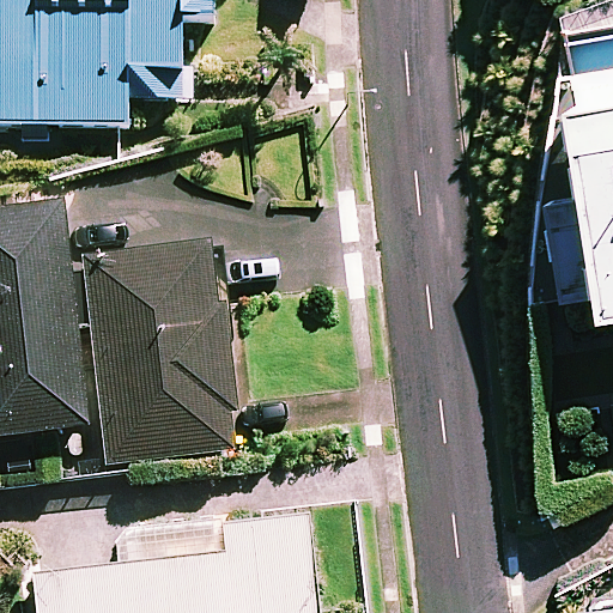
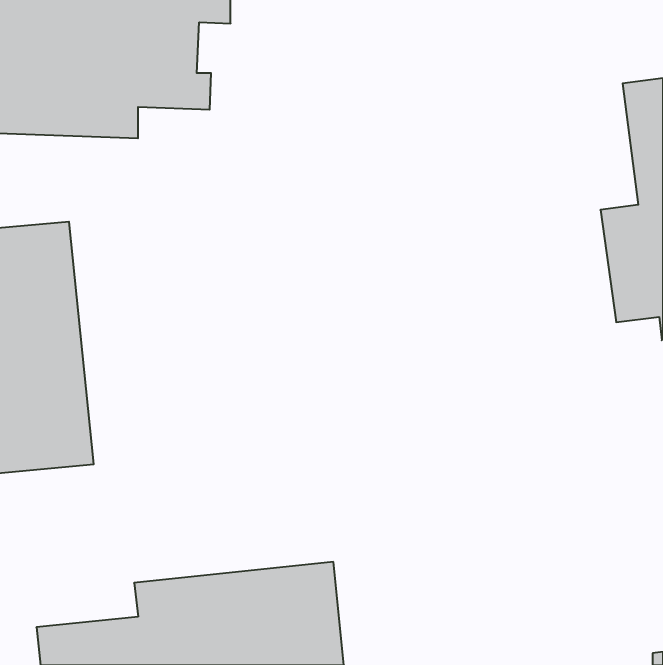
building: [80,242,243,463] -> none

